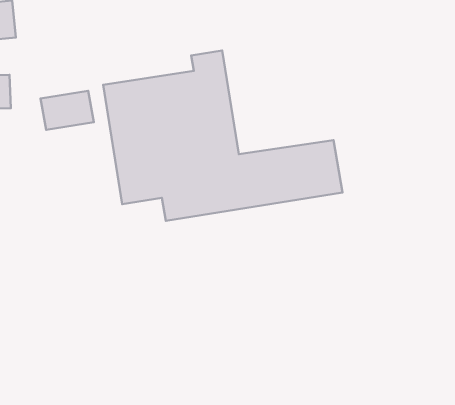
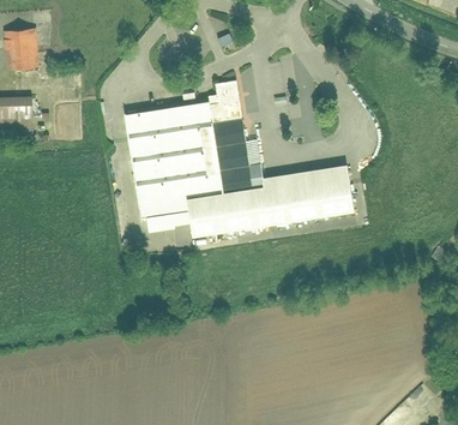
building: [41,91,94,130] -> none

